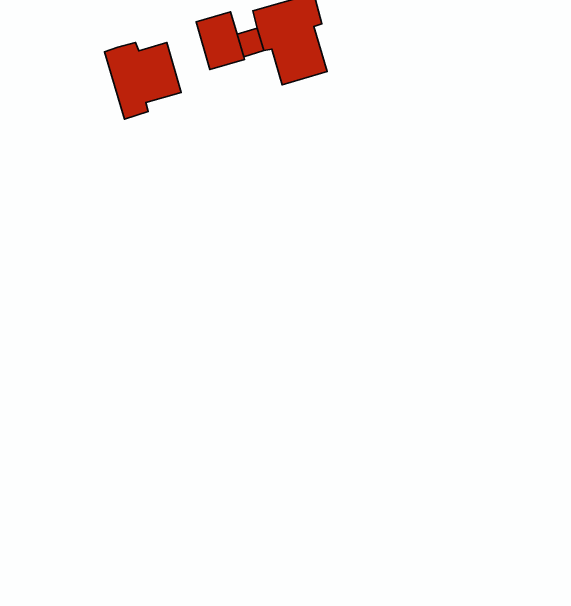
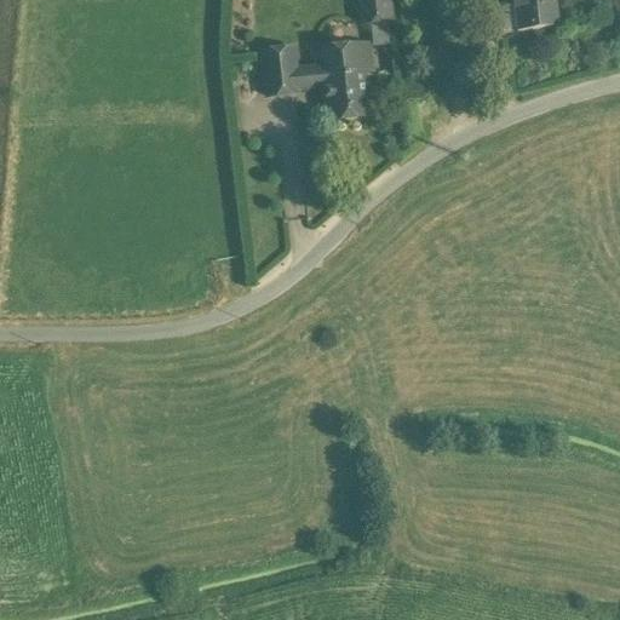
building: [105,42,181,119] -> none

